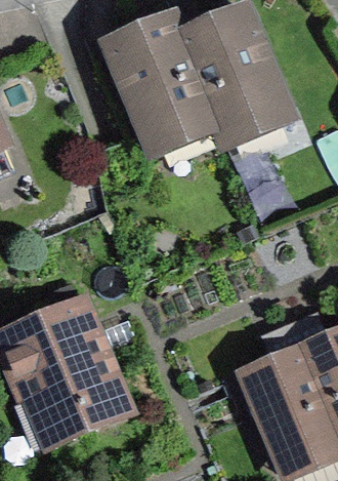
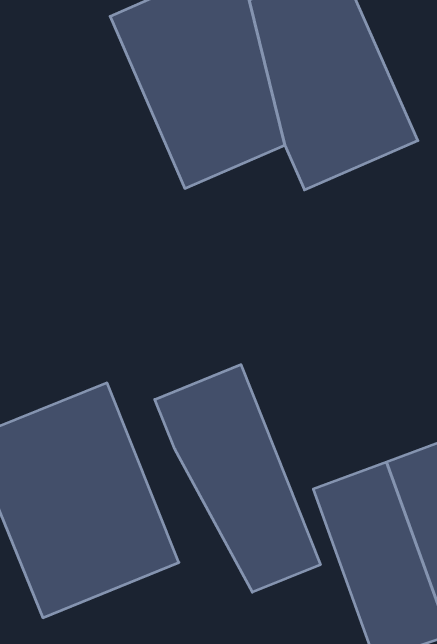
building: none -> [155,365,320,592]

